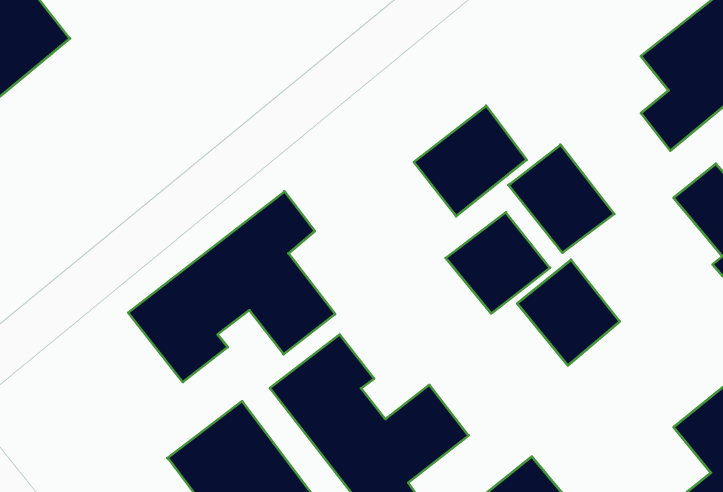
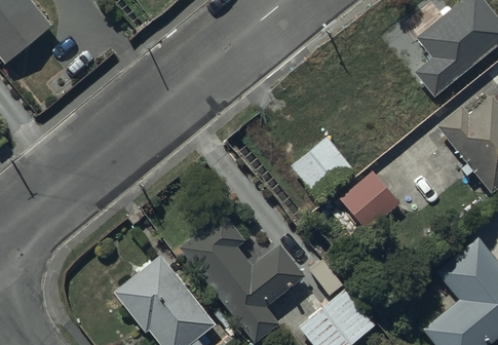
building: [414,106,527,216] -> none
building: [508,145,614,253] -> none
building: [128,191,335,382] -> none

